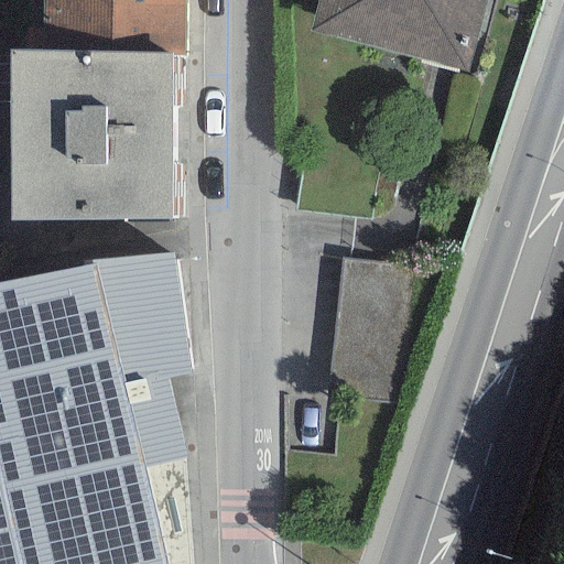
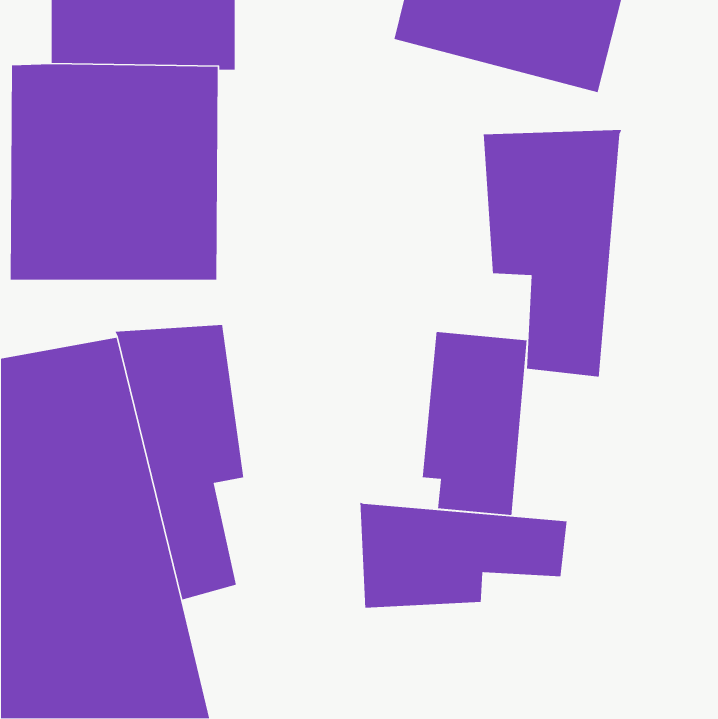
building: none -> [483,129,622,377]
building: none -> [359,502,568,609]

